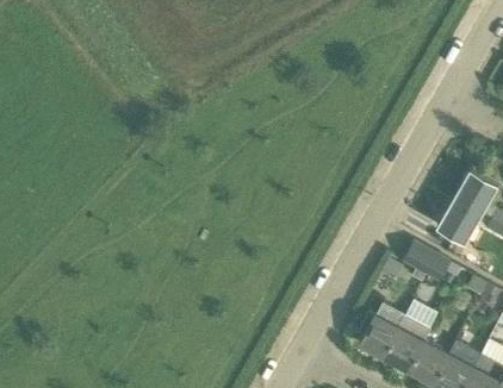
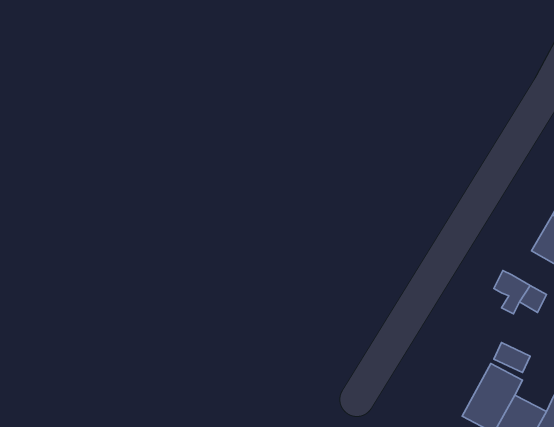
building: [359,305,404,358] -> none

